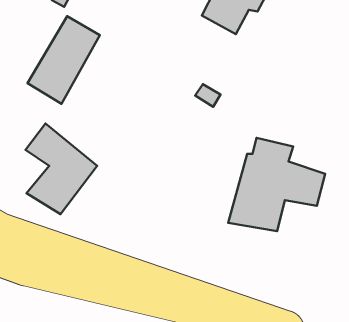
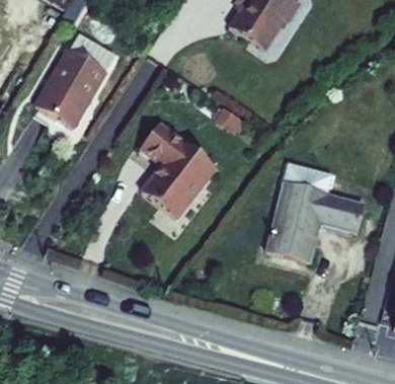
building: [26,124,97,214] -> [136,126,213,223]

